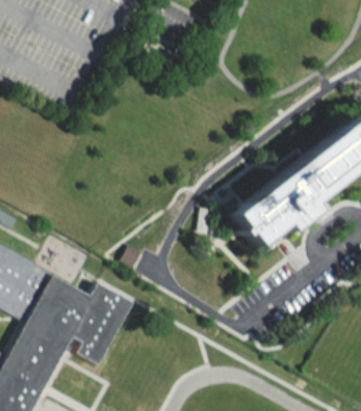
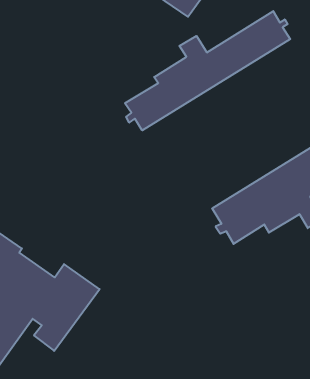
building: none -> [125,11,290,130]

